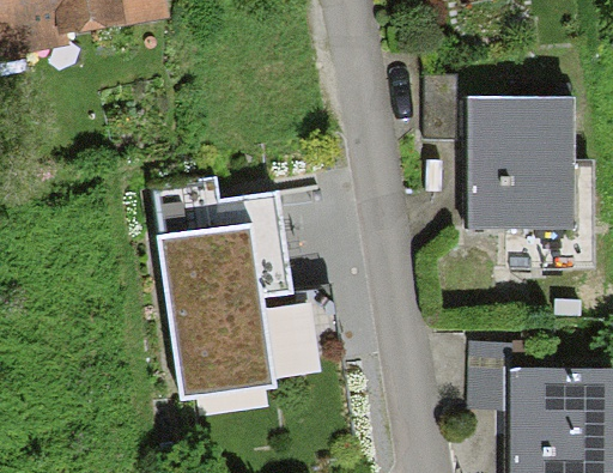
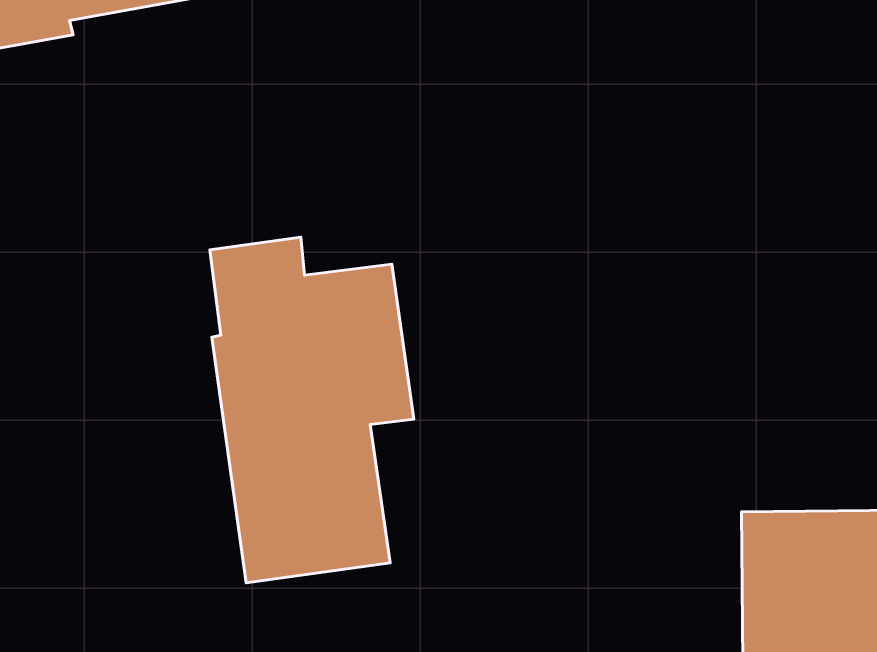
building: [463,89,570,266] -> none

